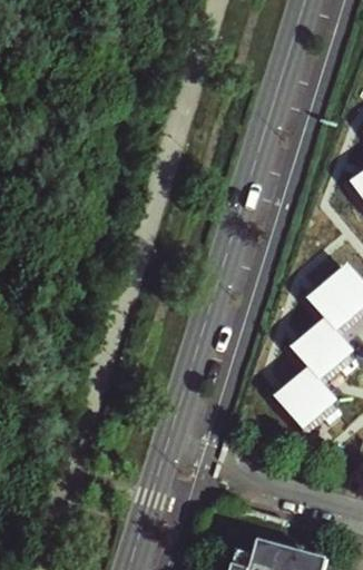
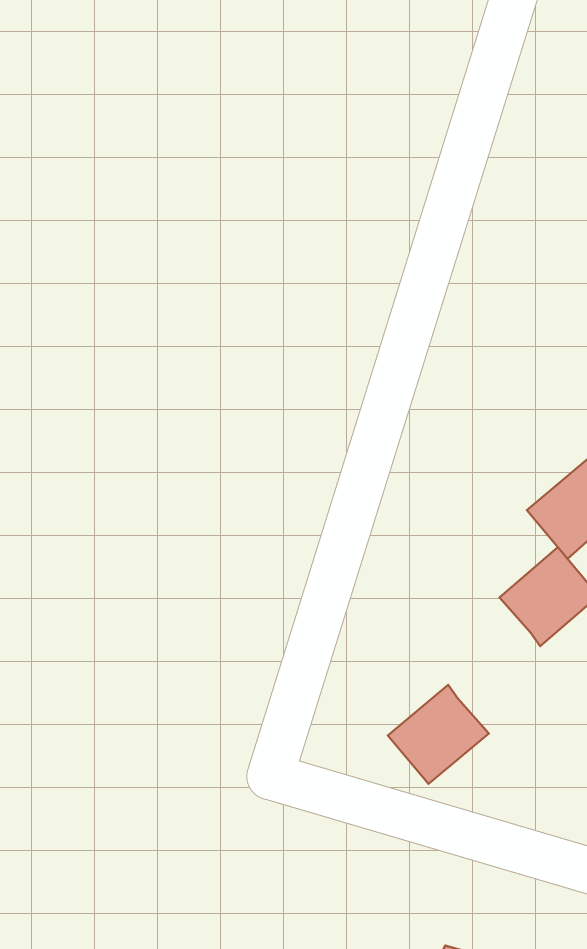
building: [276,368,334,425] -> [388,685,489,784]

